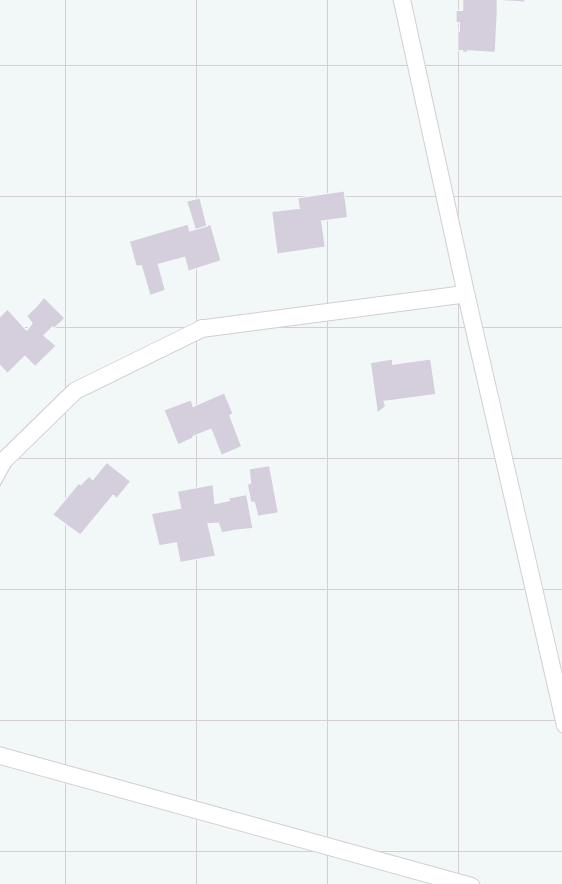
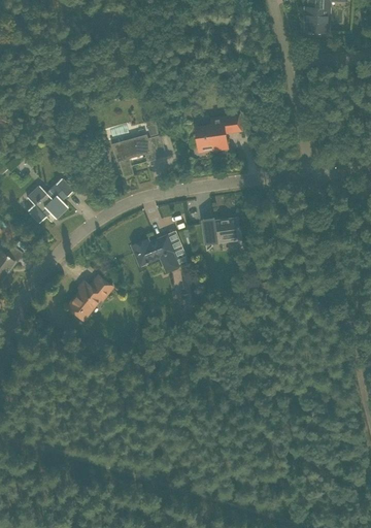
building: [370,359,436,413] -> [203,218,242,250]
building: [152,485,253,563] -> none

